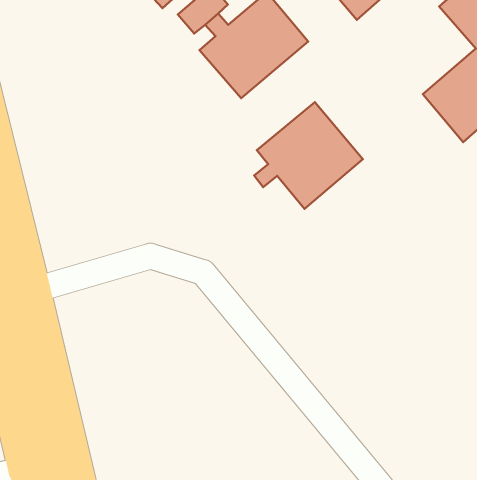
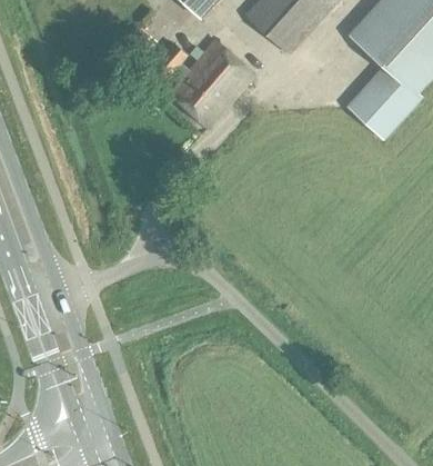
building: [254,102,363,209] -> none

